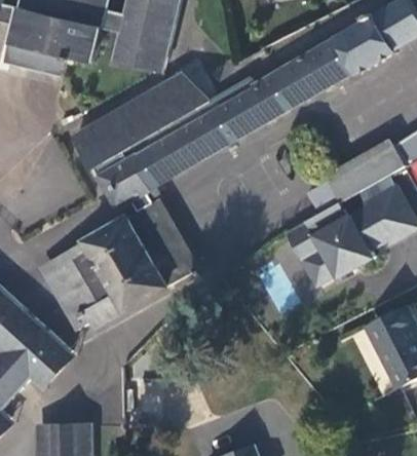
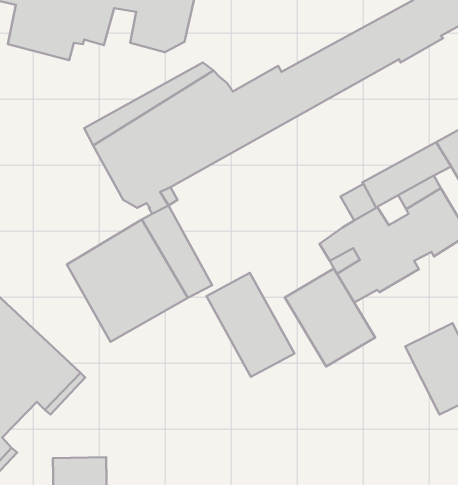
building: [45,253,100,327] -> none
building: none -> [285,268,375,366]
building: none -> [206,273,294,377]

